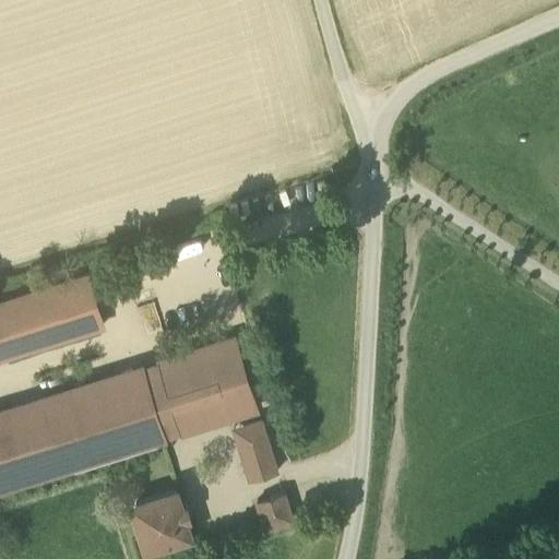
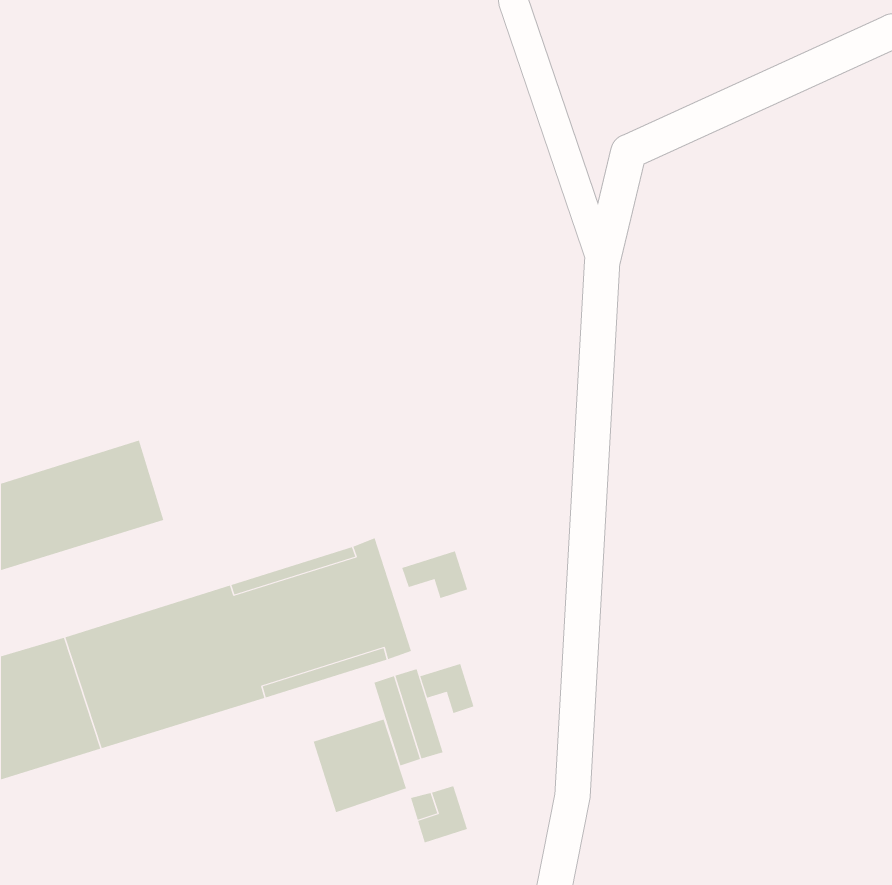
building: none -> [402,550,468,599]
building: none -> [419,663,474,714]
building: [131,493,190,552] -> [313,719,407,813]

